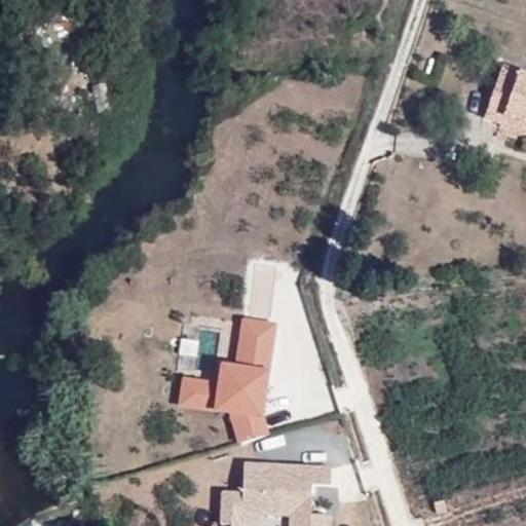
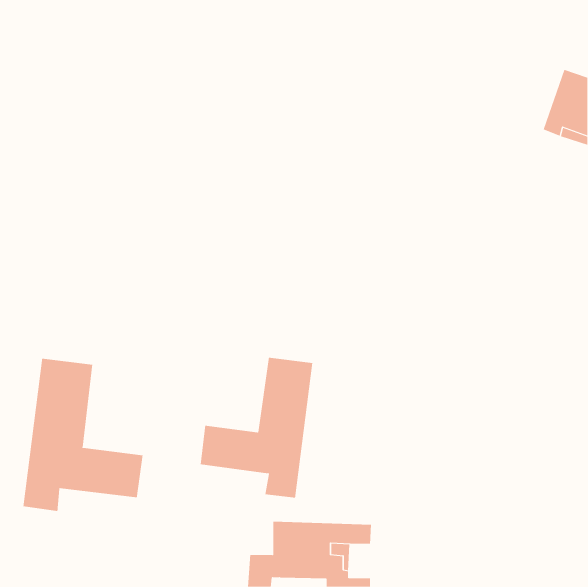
building: none -> [23,358,143,512]

